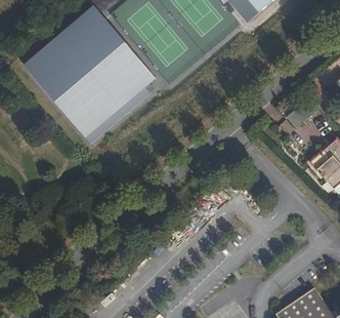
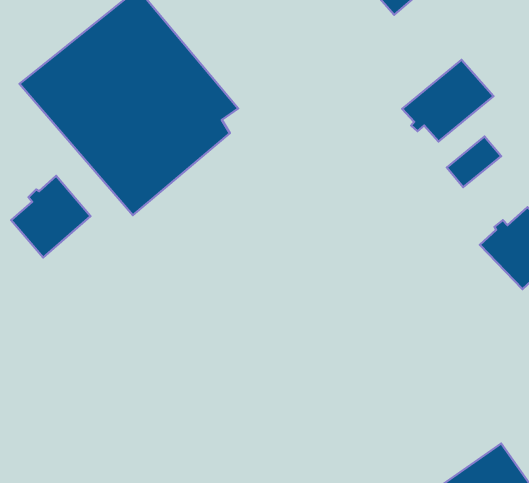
building: none -> [402,60,493,142]
building: none -> [11,176,91,258]

